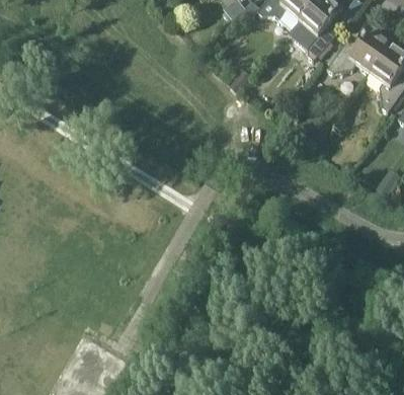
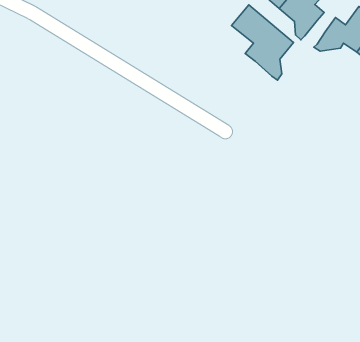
building: none -> [231,5,293,80]

